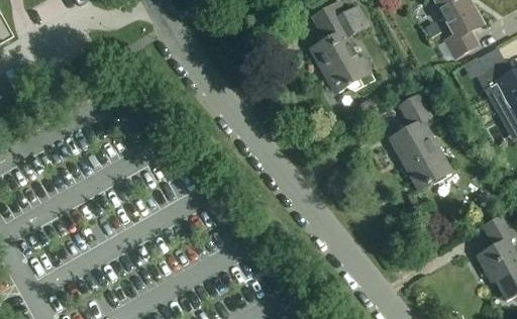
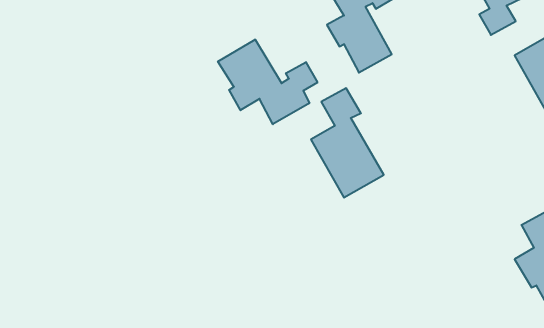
building: none -> [218,39,317,124]
building: [388,93,452,190] -> [311,88,384,198]

